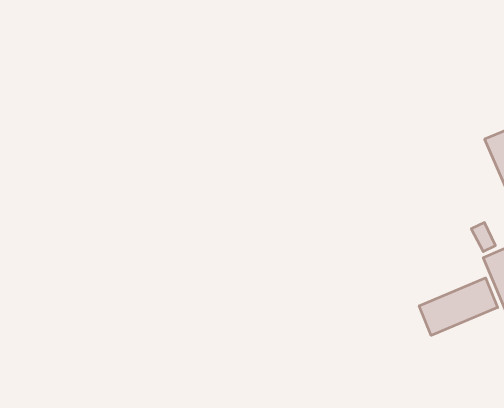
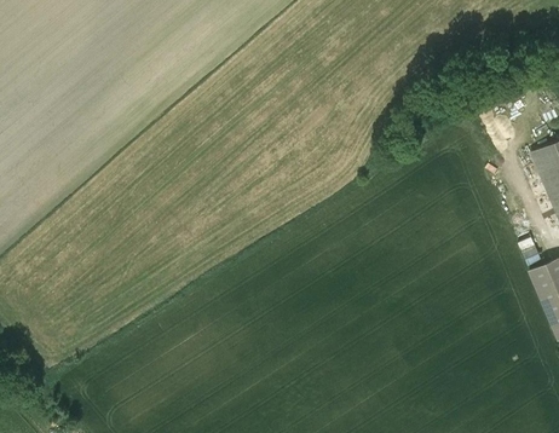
building: [419,278,498,335] -> none

